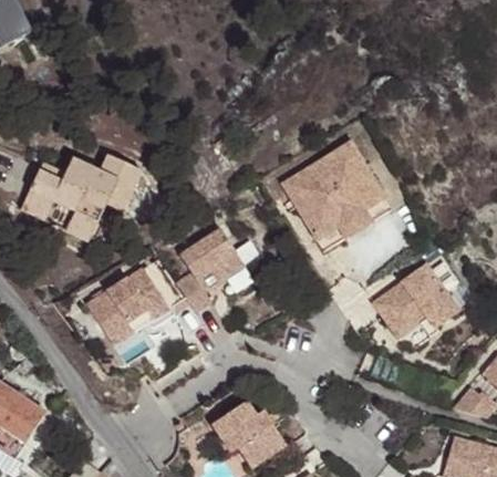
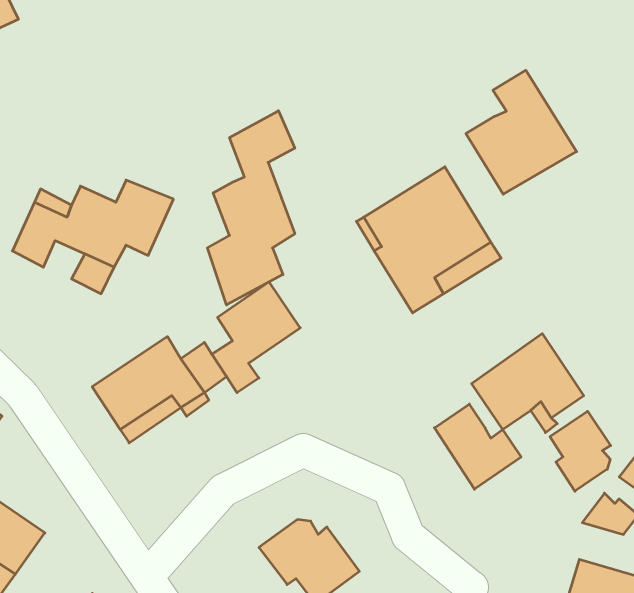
building: none -> [466,70,577,194]
building: none -> [207,111,295,305]
building: none -> [434,404,521,489]
building: none -> [550,411,611,491]

